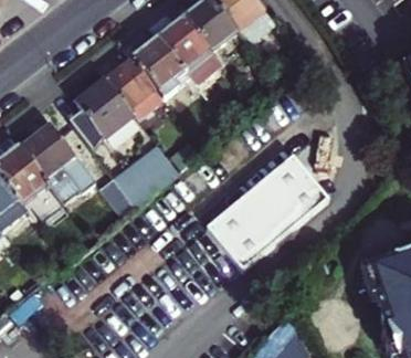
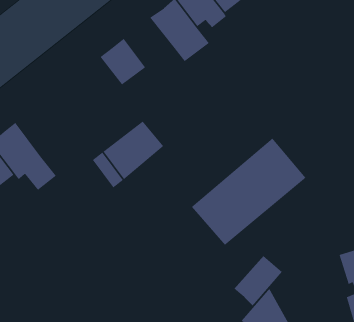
building: [138,32,190,93] -> none
building: [73,73,141,145] -> none
building: [25,117,101,183] -> none
building: none -> [234,255,283,307]

